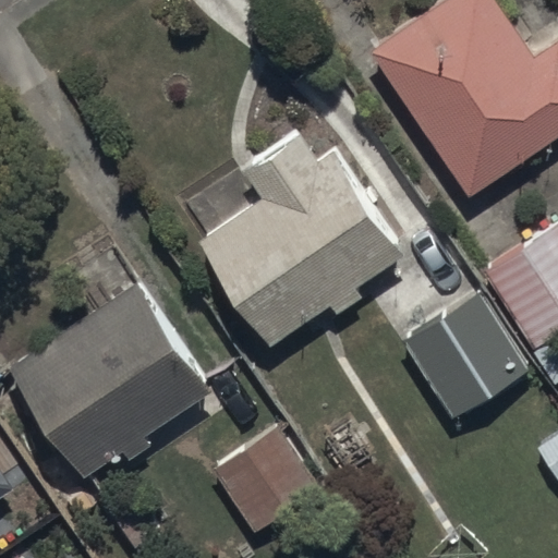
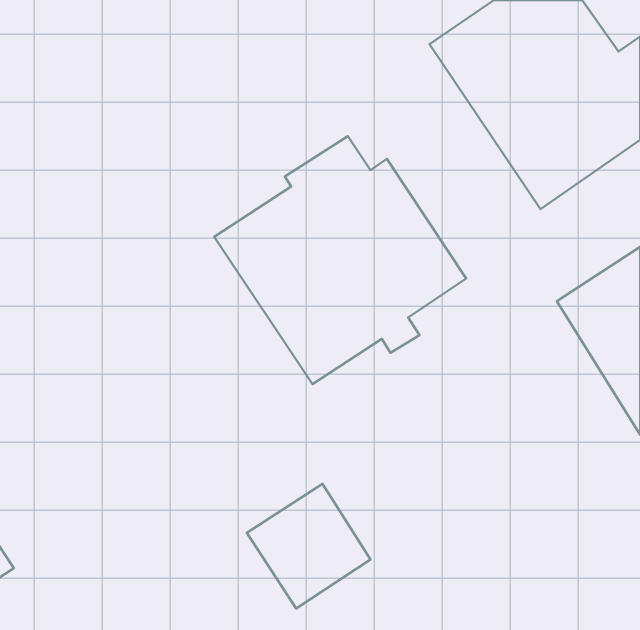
building: [5,278,217,480] -> none
building: [401,288,529,418] -> none

